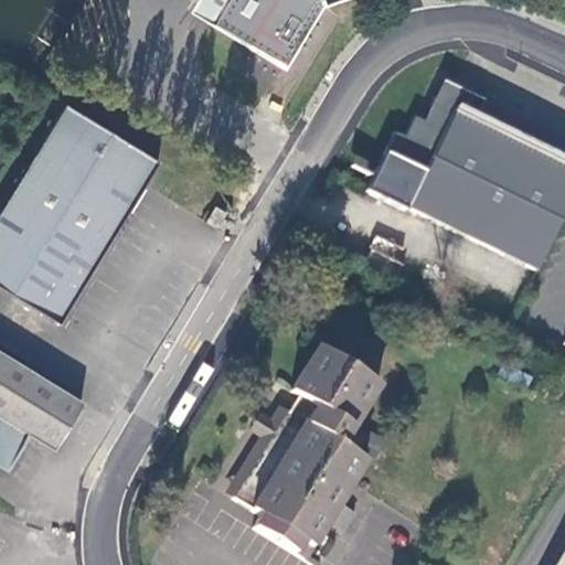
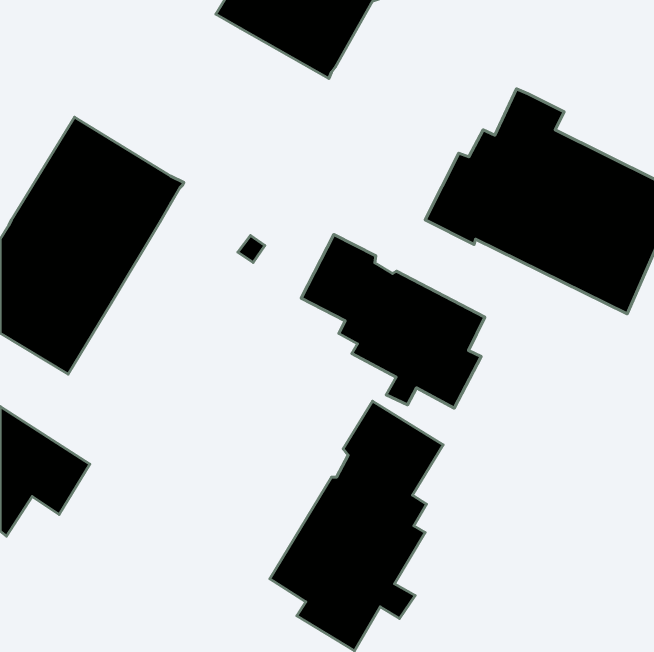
building: none -> [301,234,485,408]

